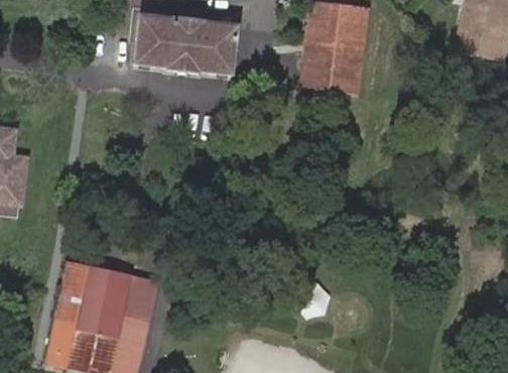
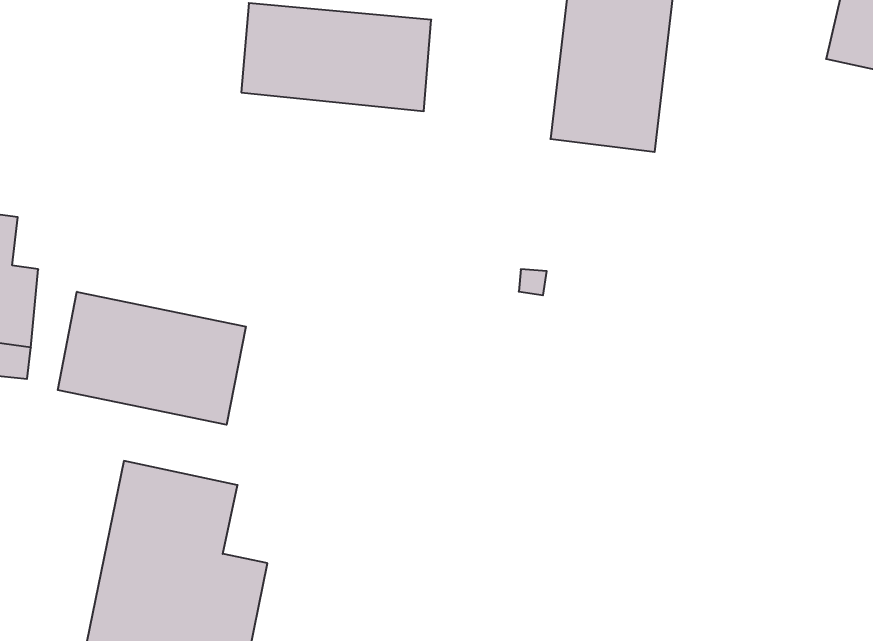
building: none -> [58,292,246,425]
building: [125,276,157,319] -> none

